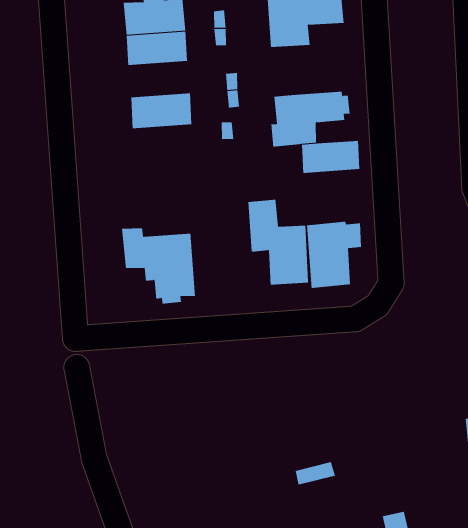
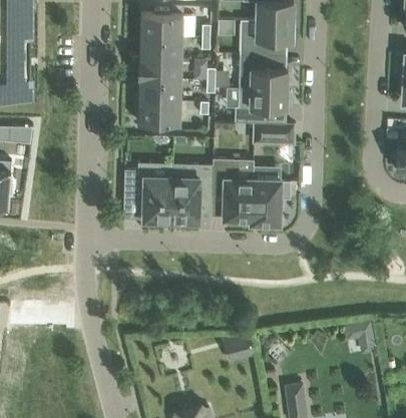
building: none -> [240,54,288,89]
building: none -> [139,57,181,80]
building: none -> [137,101,180,128]
building: none -> [171,164,213,226]

